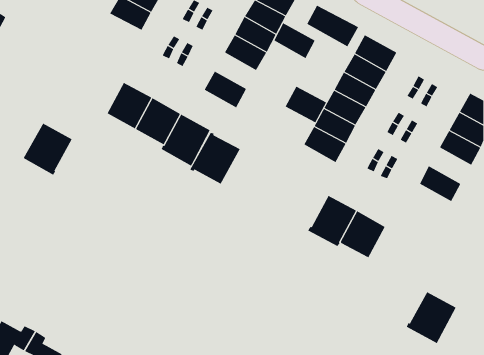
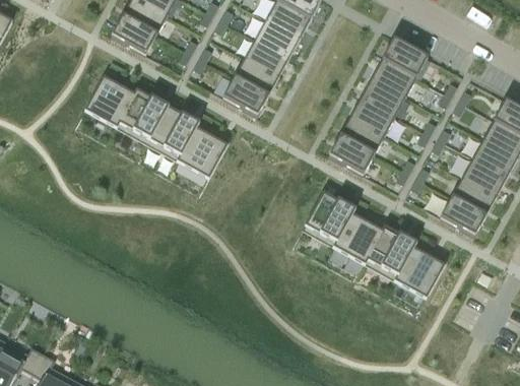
building: [307,5,359,47] -> none
building: none -> [110,18,155,57]
building: [273,22,315,59] -> [233,60,277,99]
building: [285,86,327,123] -> none
building: [23,123,72,176] -> [83,74,136,130]
building: [190,132,240,184] -> none
building: none -> [460,160,506,199]
building: none -> [304,194,353,245]
building: none -> [439,199,484,239]
building: [406,291,456,344] -> [392,245,446,301]

